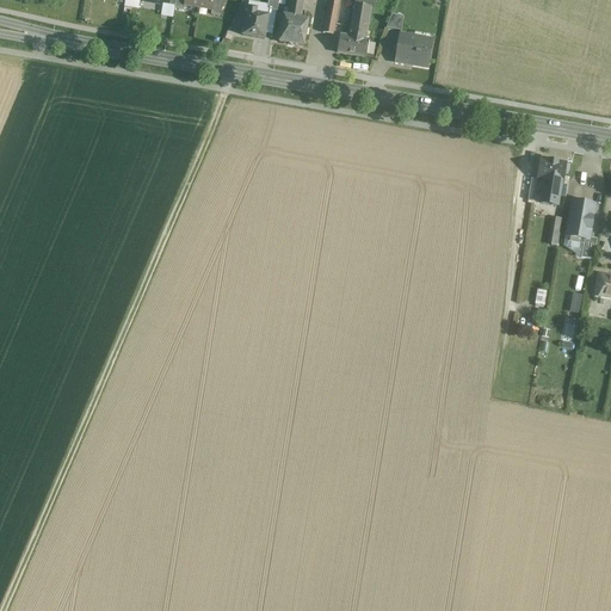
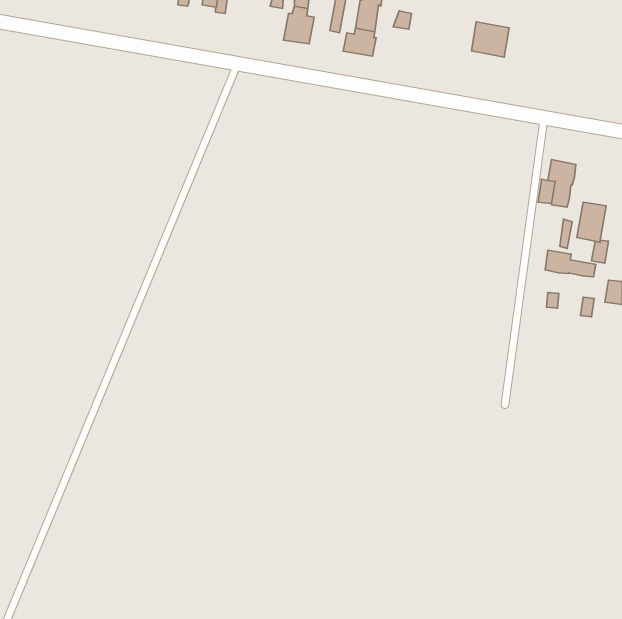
building: [242,5,267,37] -> none
building: [395,31,432,66] -> [471,22,509,57]
building: none -> [545,250,596,277]

